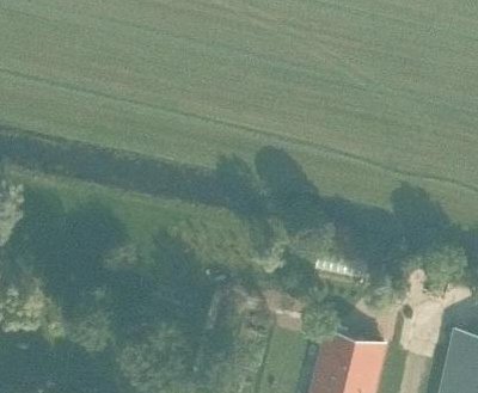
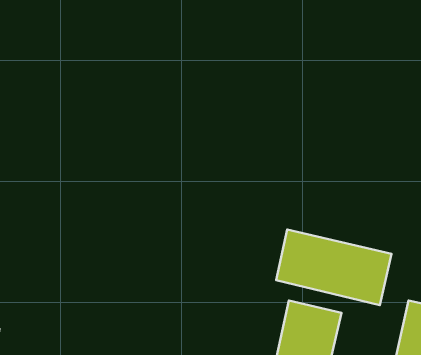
building: none -> [276,230,392,305]

